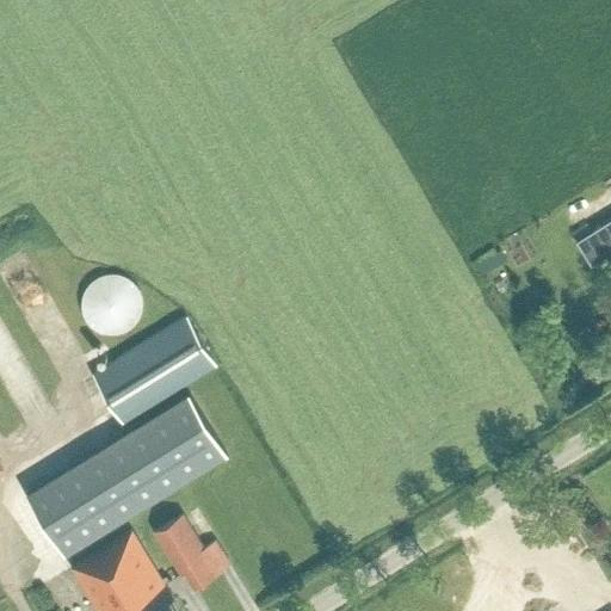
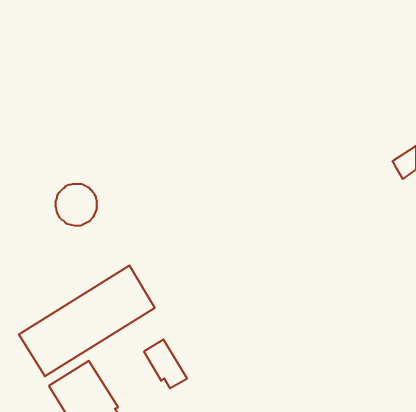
building: [94,319,216,424] -> none
building: [155,518,218,590] -> [144,339,187,388]

